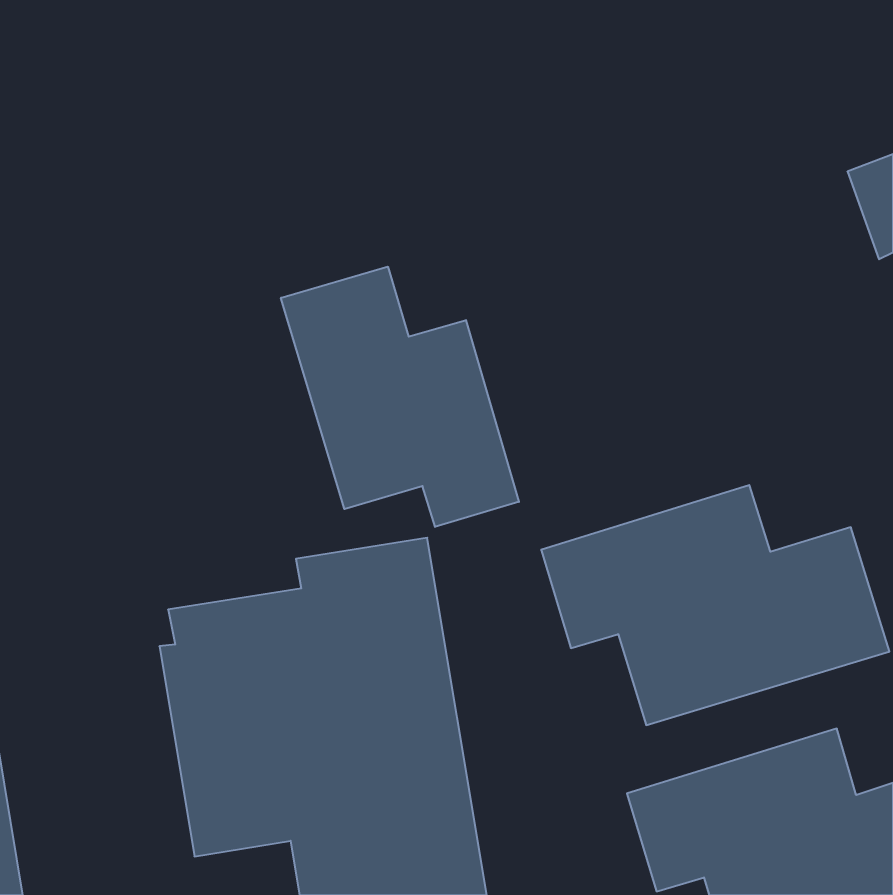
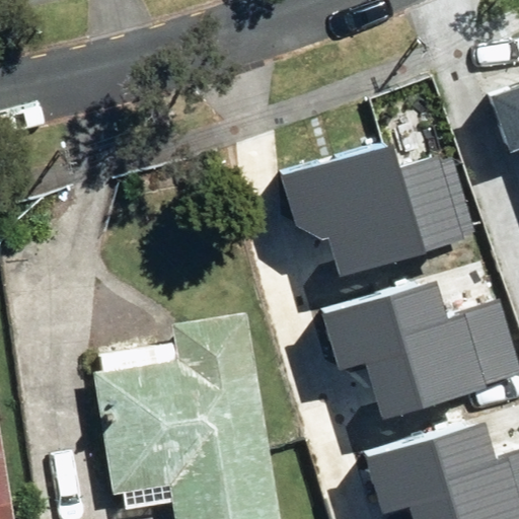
building: none -> [282,142,475,277]
building: [281,267,519,527] -> none

